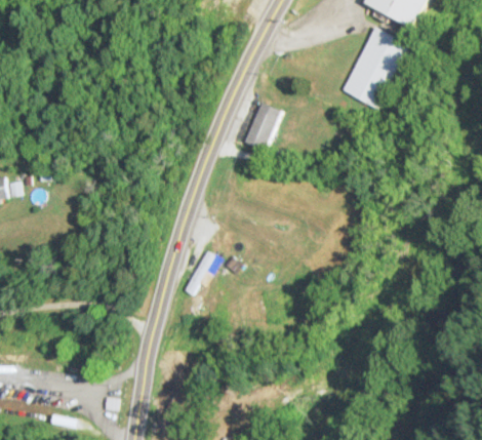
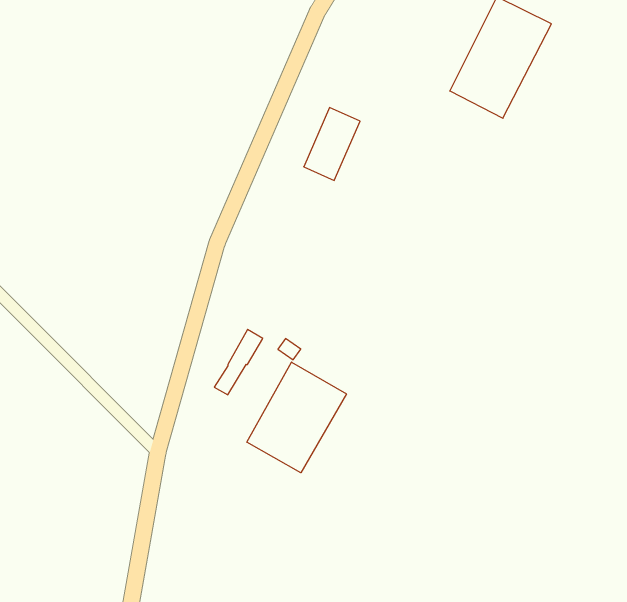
building: none -> [247,362,346,473]

